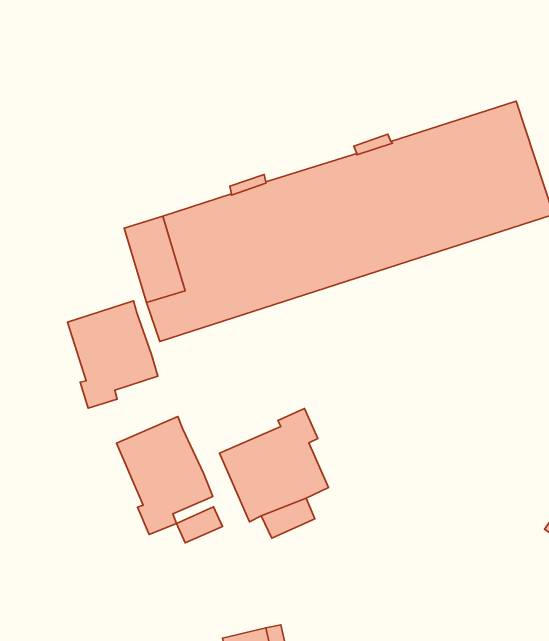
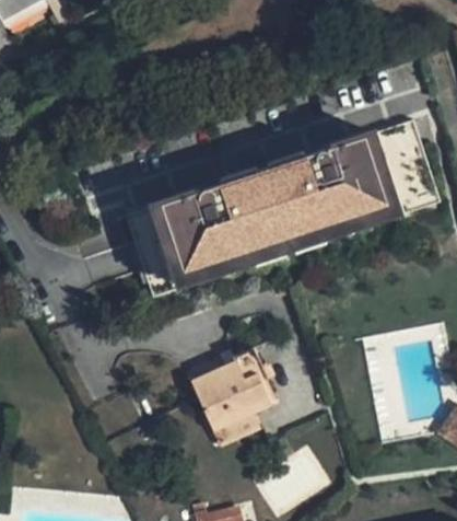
building: [68,301,158,408] -> none
building: [117,416,213,535] -> none

